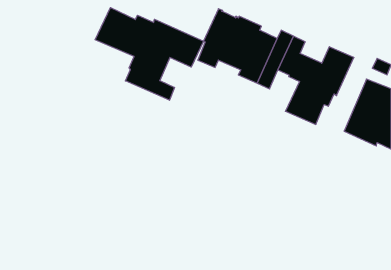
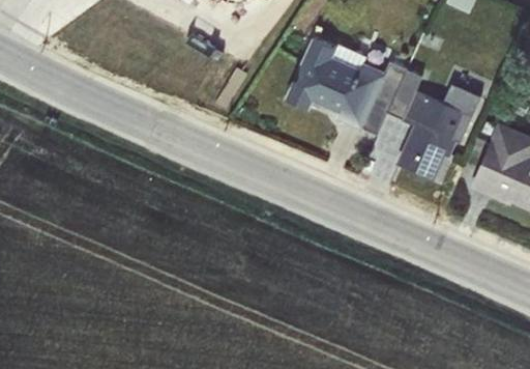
building: [95,8,204,100] -> none

